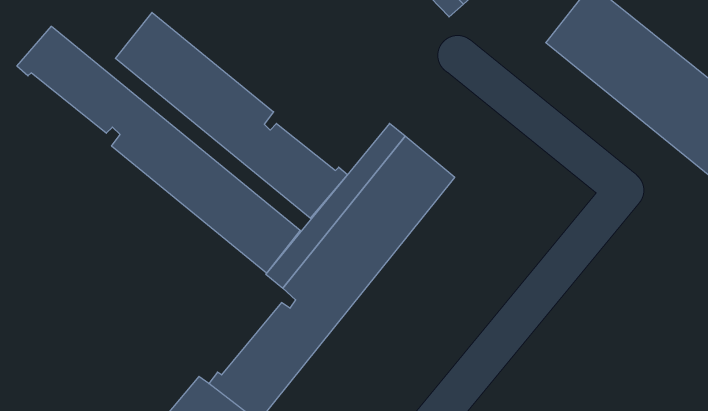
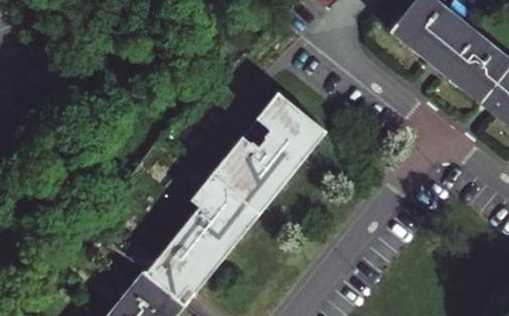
building: [115,12,347,218] -> none
building: [17,26,300,273] -> none

